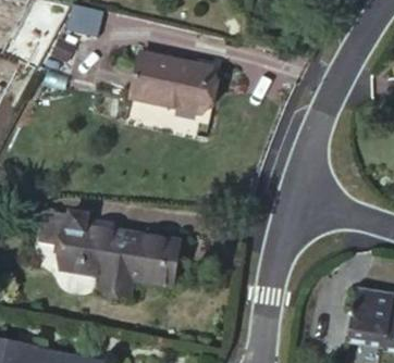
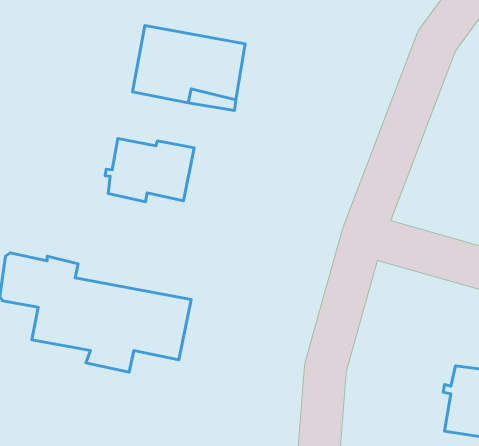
building: none -> [105,139,194,202]

